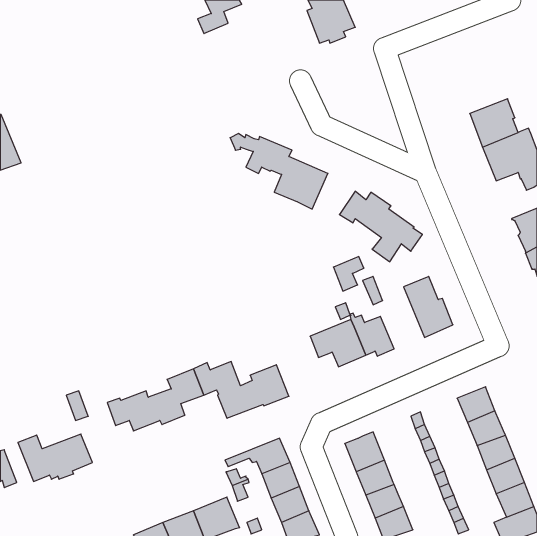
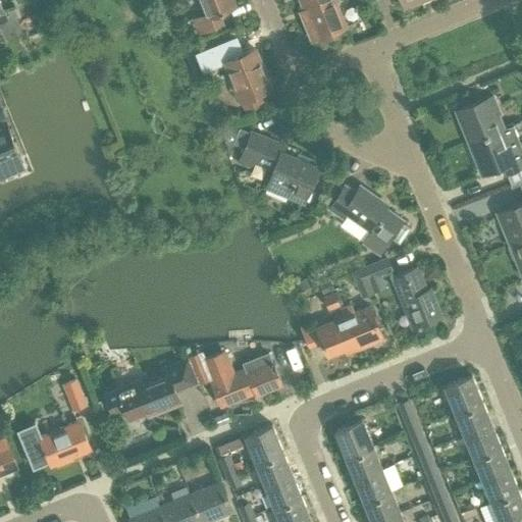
building: none -> [196,37,269,108]
building: [333,257,364,291] -> [362,259,392,293]

